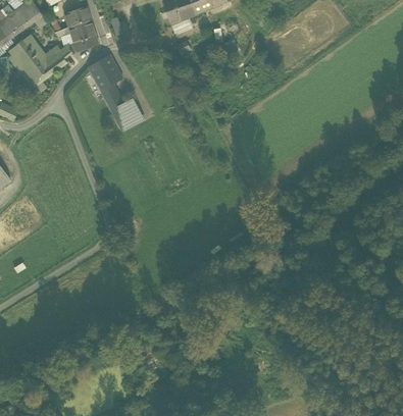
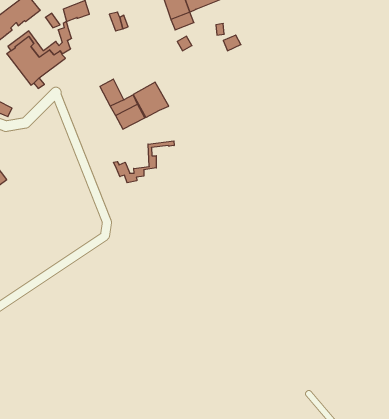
building: [67,17,97,51] -> none
building: [88,53,122,88] -> [133,82,169,118]
building: none -> [114,141,174,183]

